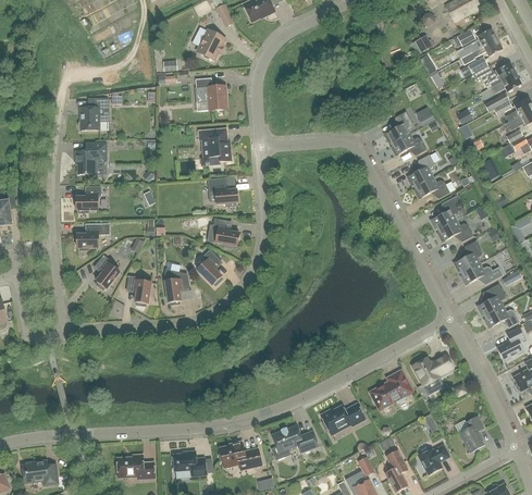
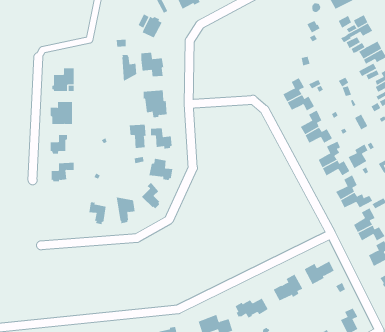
building: none -> [122,54,137,82]
building: none -> [129,124,146,149]
building: none -> [348,143,368,169]
building: [95,255,120,289] -> none

